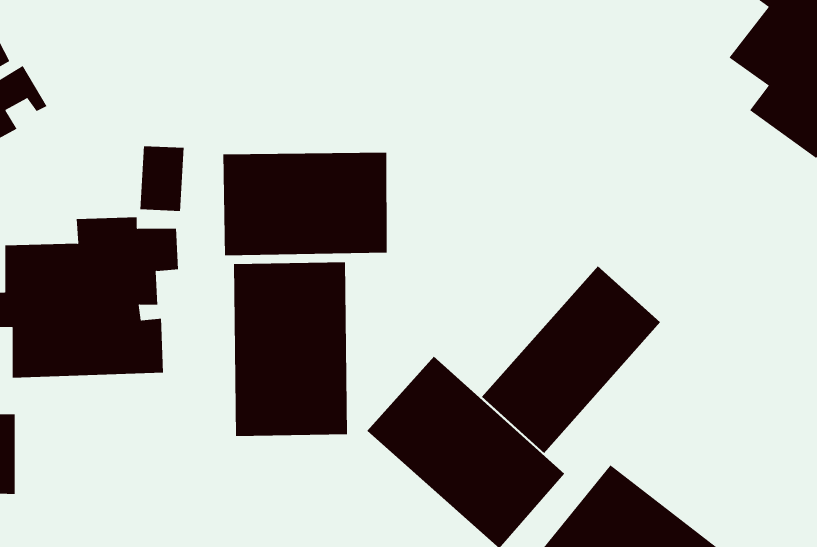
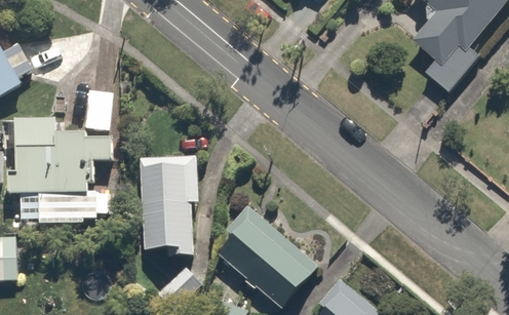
building: [223,152,387,256] -> none
building: [481,265,661,454] -> none

